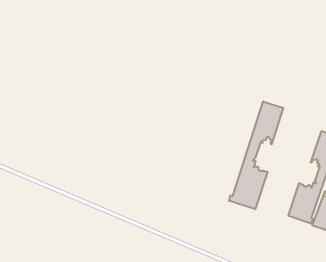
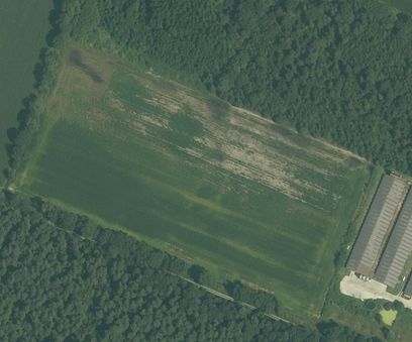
building: [229,101,283,209] -> none

